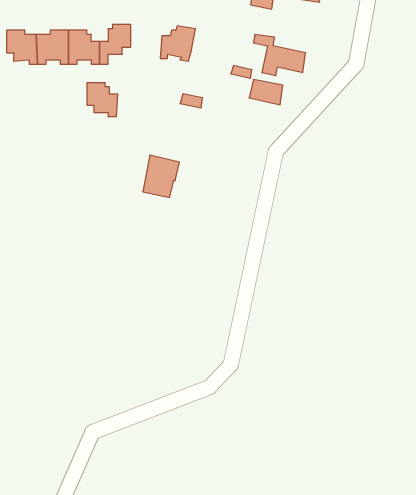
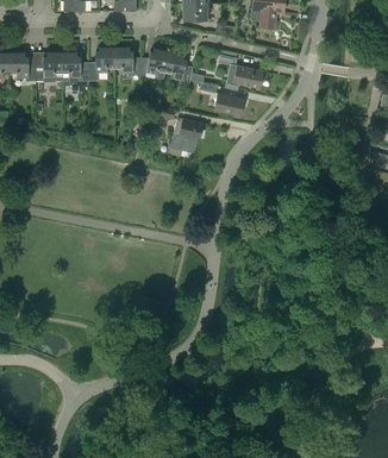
building: none -> [165,51,193,84]
building: [87,83,118,117] -> [114,48,140,76]
building: [143,155,179,197] -> [171,117,202,152]

